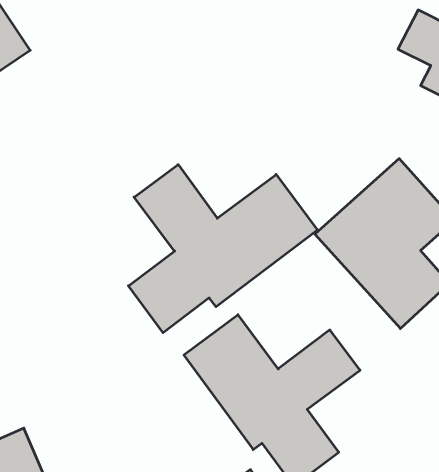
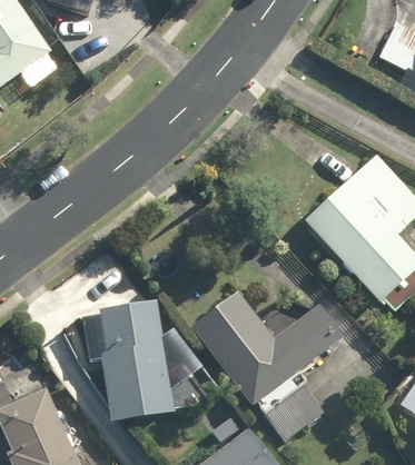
building: [128,165,318,333] -> none
building: none -> [81,300,171,419]

